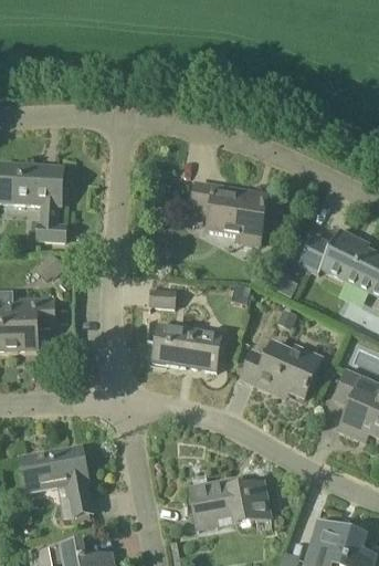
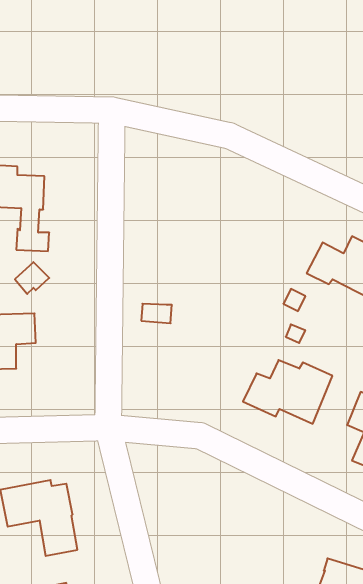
building: [192,182,266,247] -> none
building: [152,324,222,370] -> none
building: [189,480,272,531] -> none

